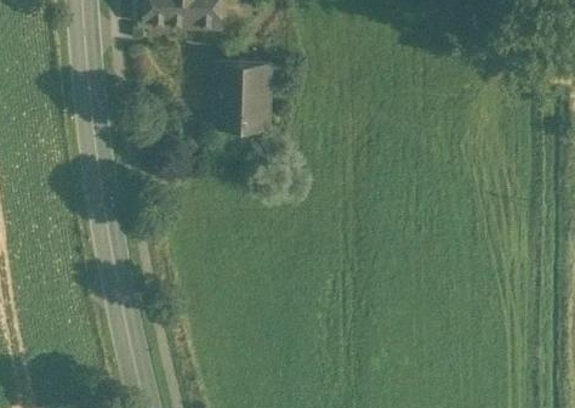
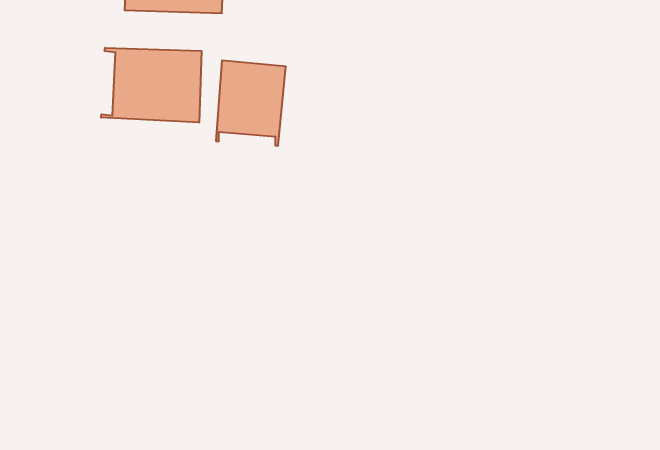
building: none -> [101,48,201,123]

